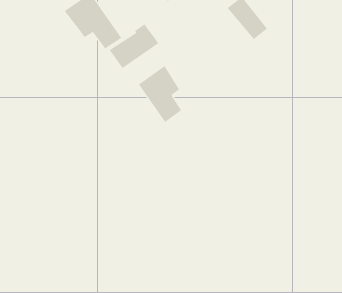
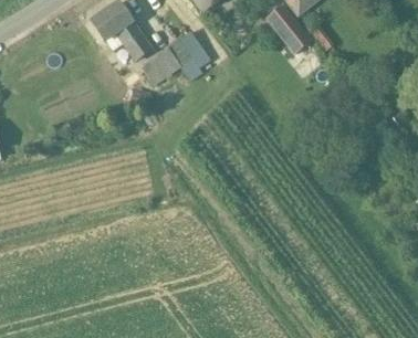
building: [138,65,182,123] -> none

